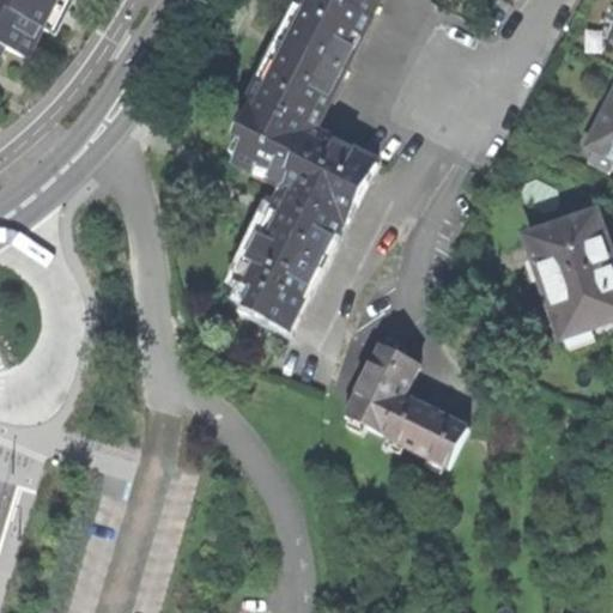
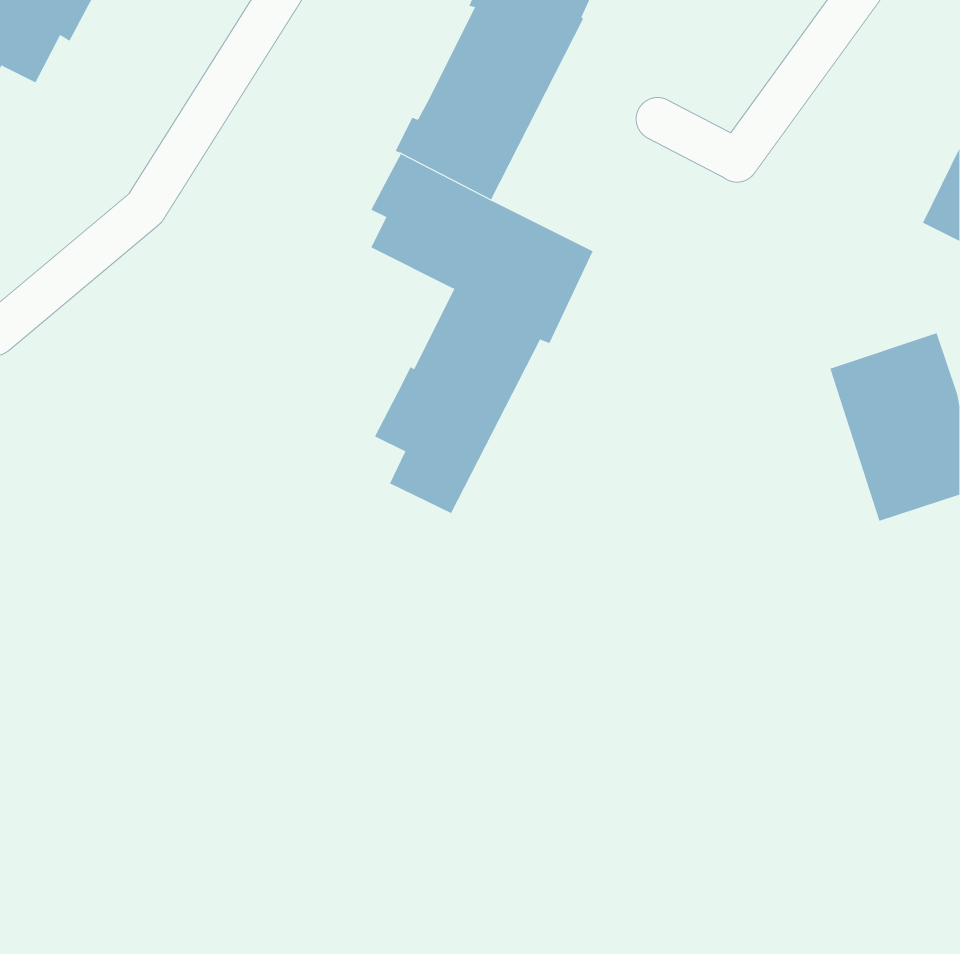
building: [340,342,465,465] -> none

